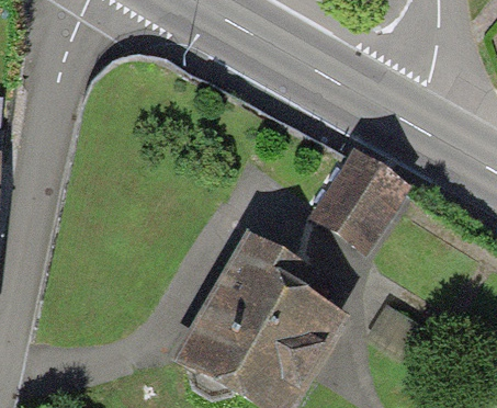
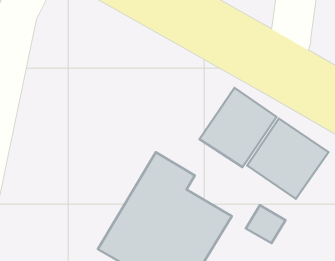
building: none -> [247,118,328,199]

